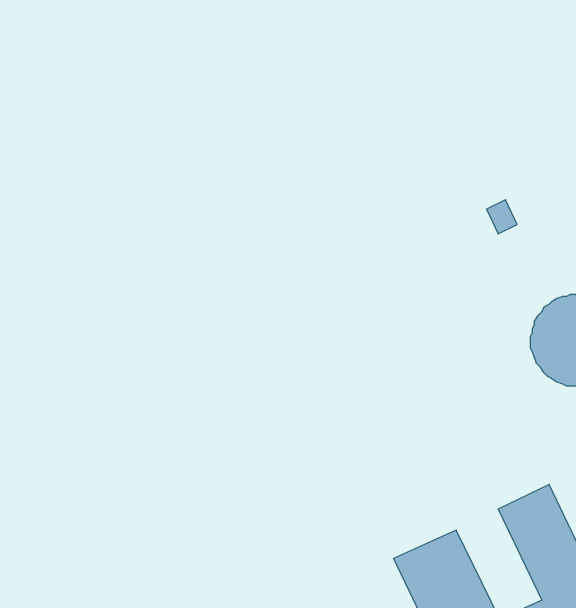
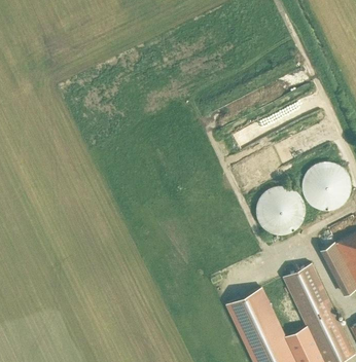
building: none -> [254,186,305,236]

